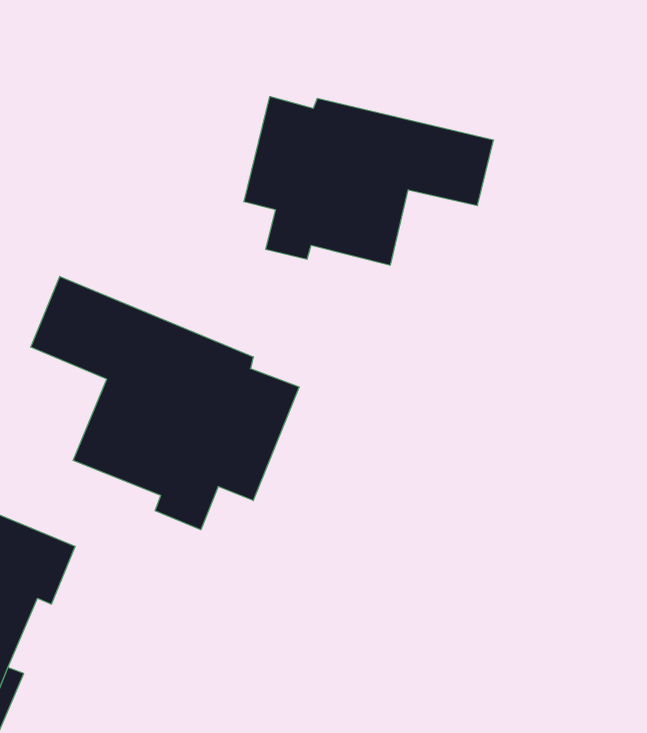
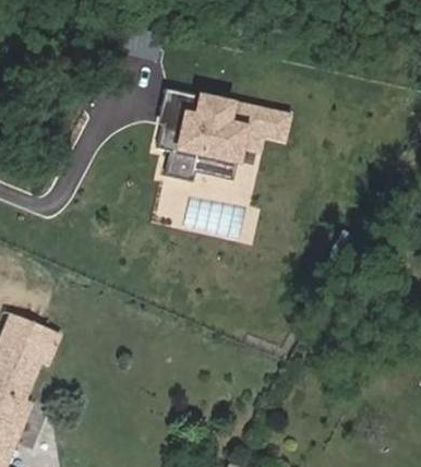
building: [31,276,299,530] -> none

